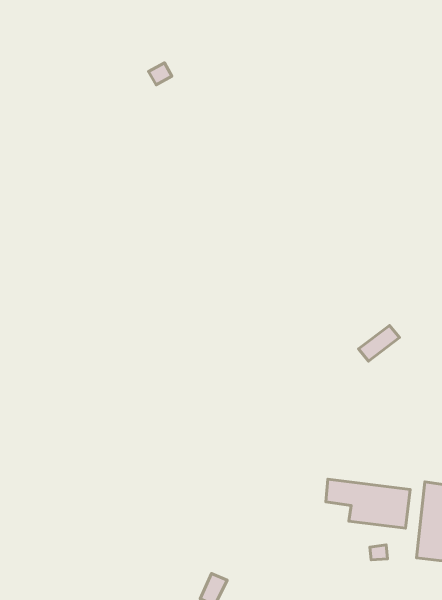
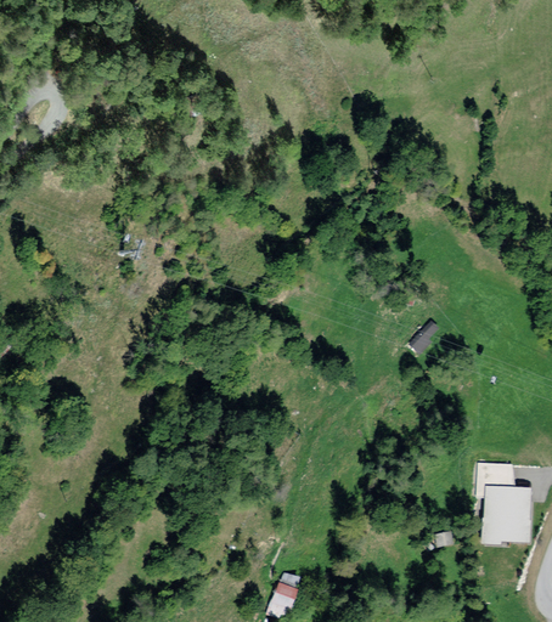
building: [326,479,410,528] -> none

